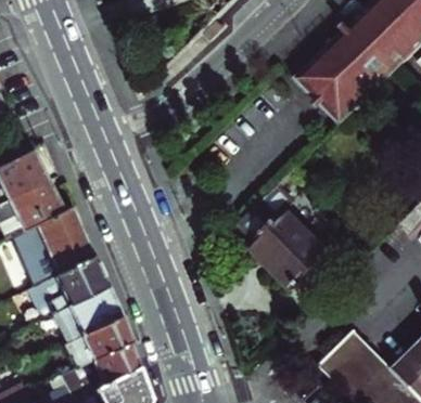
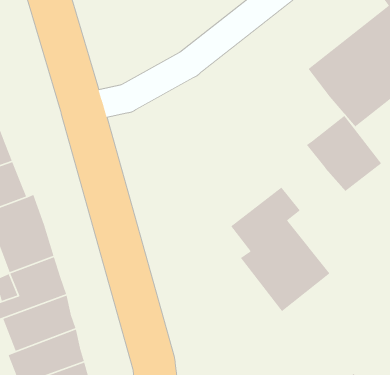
building: none -> [306,115,382,192]

